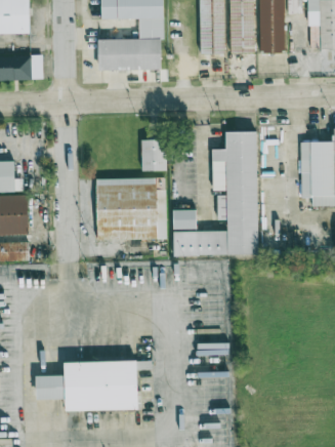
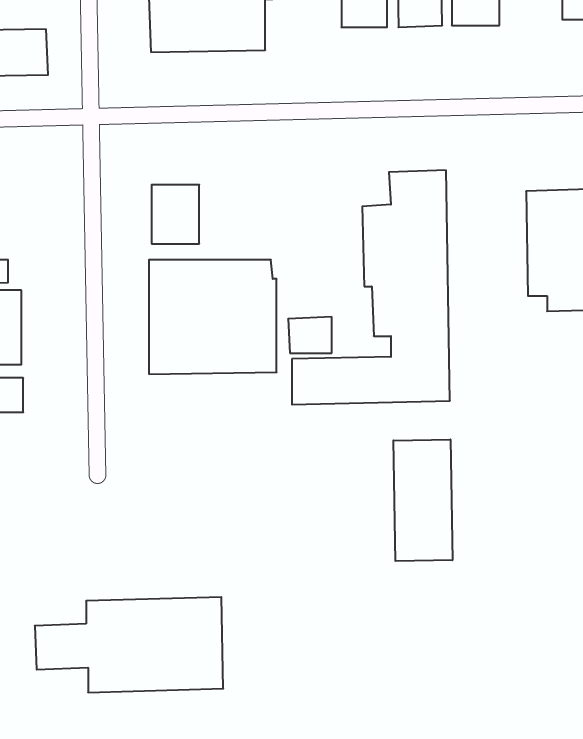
building: [141,139,167,171] -> [152,185,199,244]
building: none -> [393,439,452,561]

